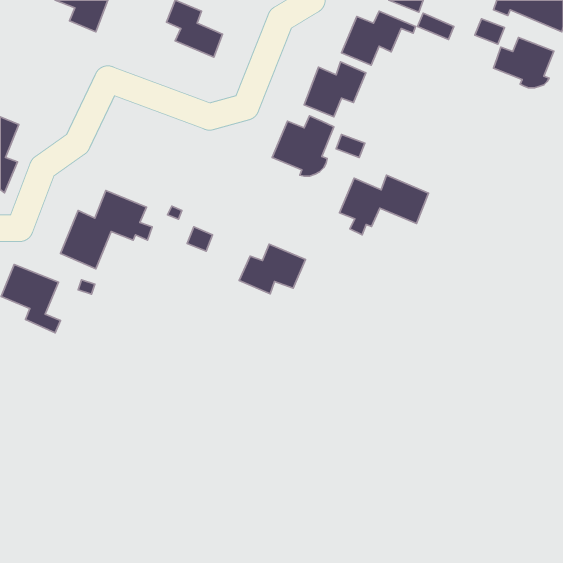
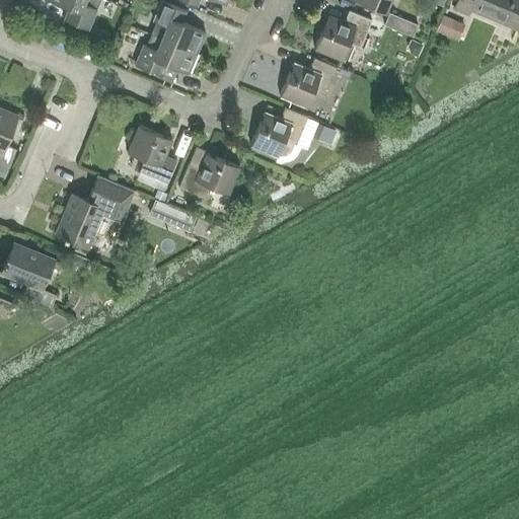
building: none -> [135,34,197,75]
building: [493,38,554,88] -> none
building: none -> [127,125,176,182]
building: [339,175,429,235] -> none
building: [239,244,305,294] -> [178,153,239,199]

